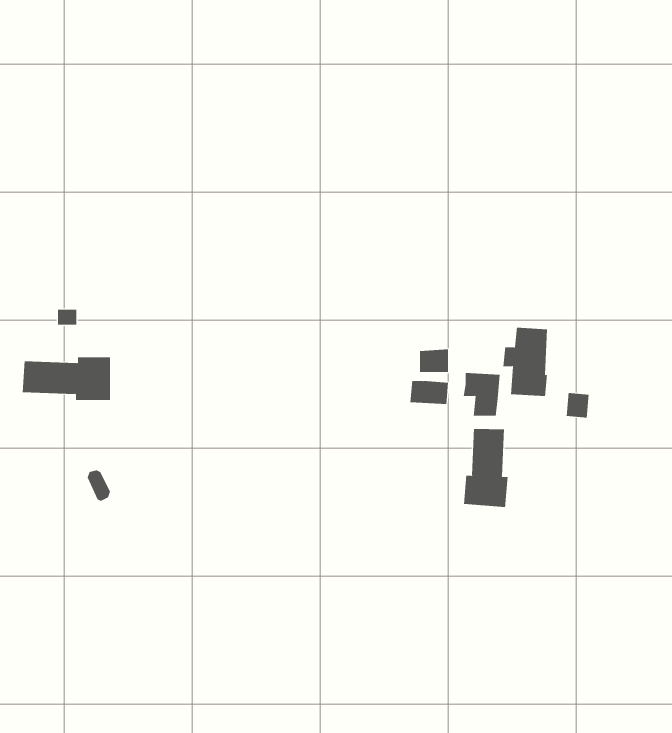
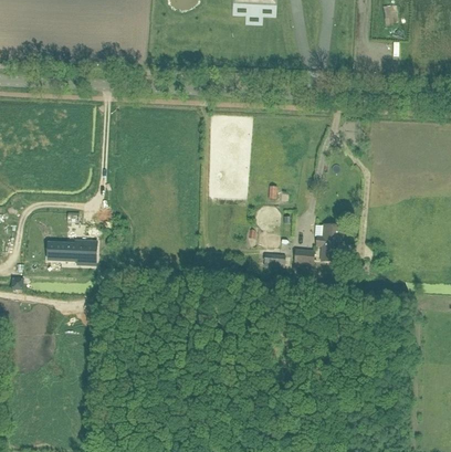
building: [463,428,508,508] -> none

